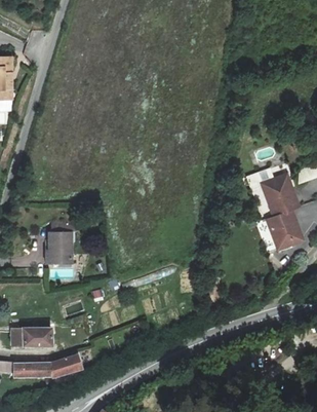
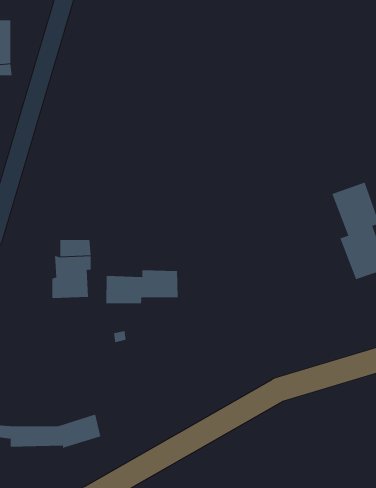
building: none -> [106,269,178,304]
building: [10,328,53,347] -> none

